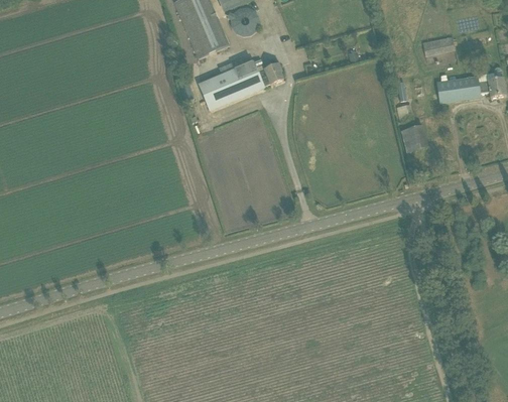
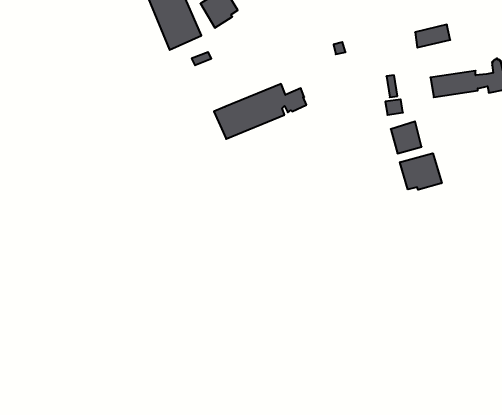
building: [199,58,283,109] -> [214,84,306,139]
building: none -> [400,153,442,190]

